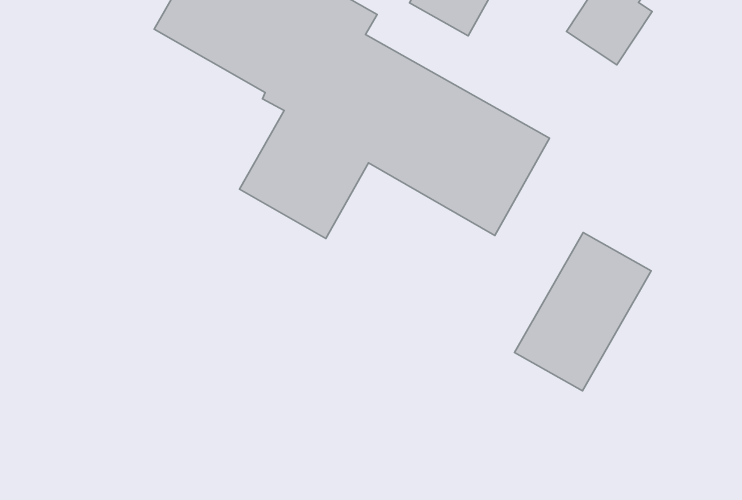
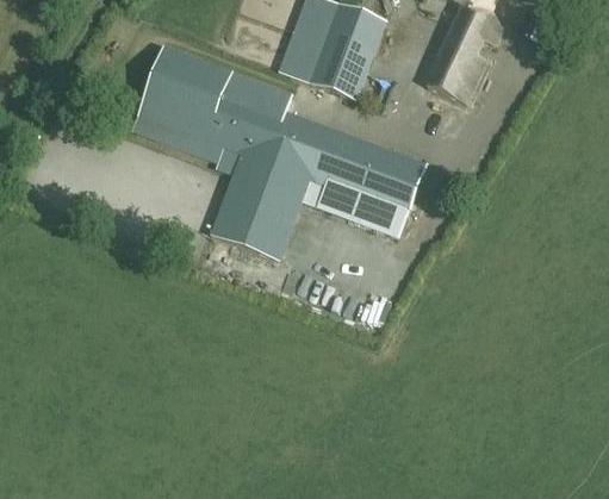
building: [515,232,651,391] -> none

